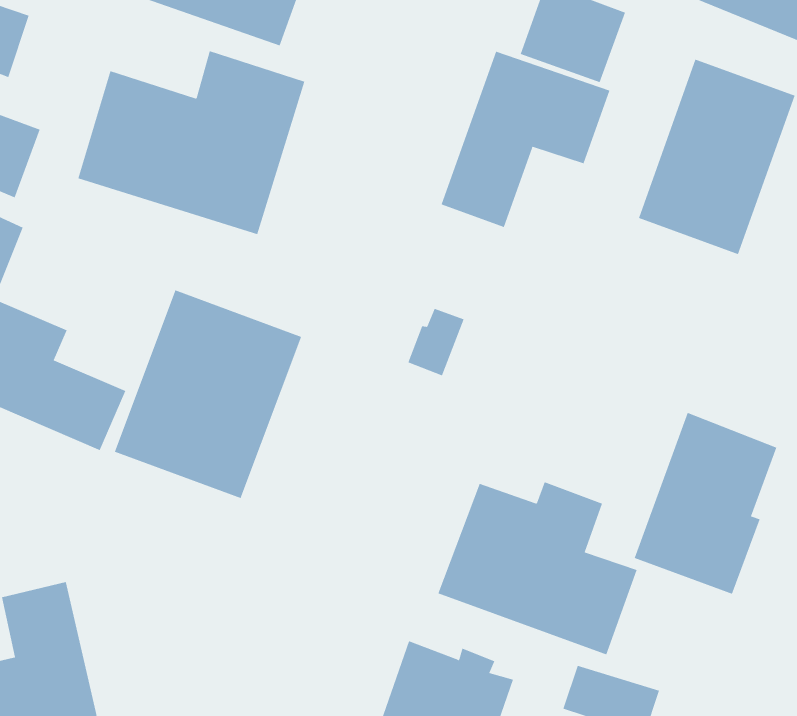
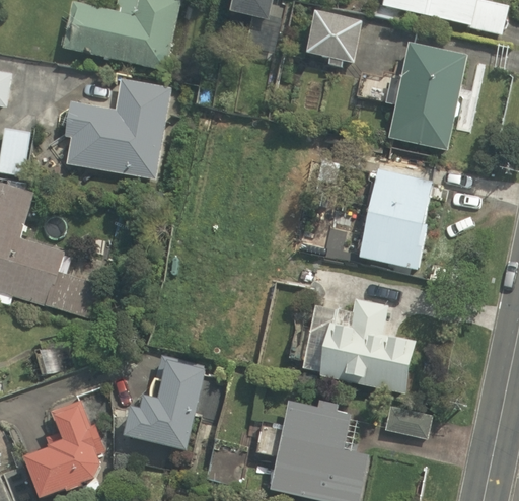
building: [441,51,610,228] -> none
building: [114,289,302,499] -> none
building: [634,412,777,594] -> [356,170,430,272]
building: none -> [124,348,210,446]

